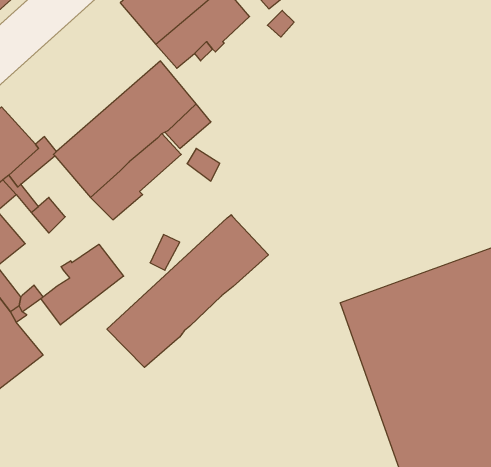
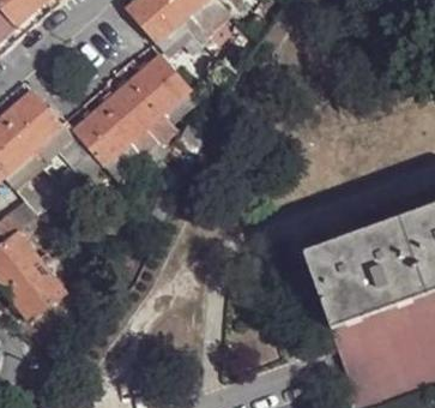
building: [107,215,268,367] -> none
building: [41,244,124,325] -> none

